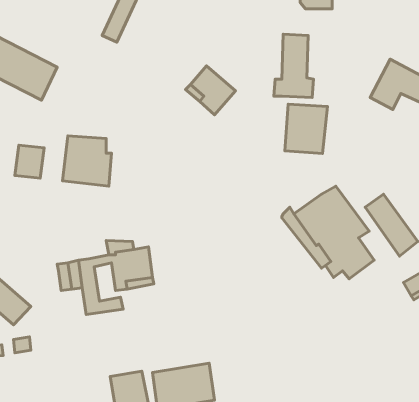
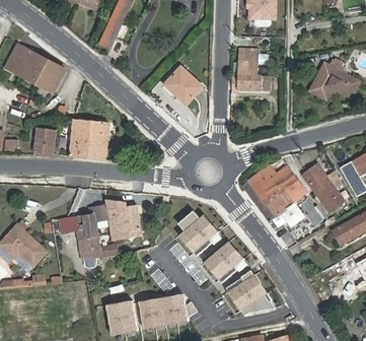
building: [285,104,327,153] -> none
building: none -> [177,211,218,253]
building: none -> [200,240,243,281]
building: none -> [227,271,273,316]

